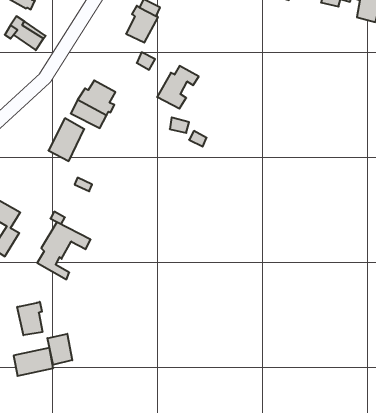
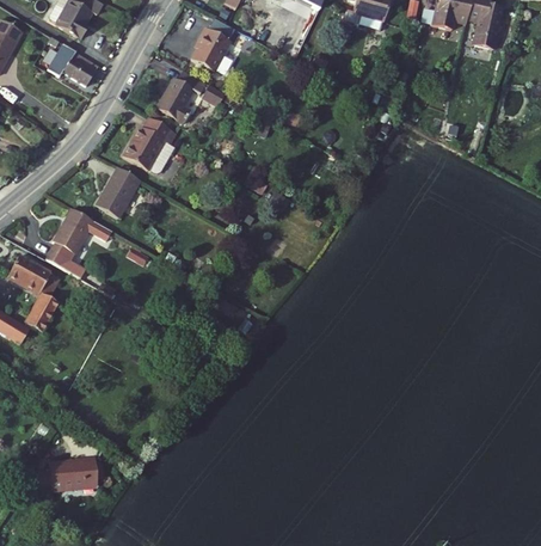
building: [157,66,199,109] -> [156,72,208,124]
building: [37,222,91,279] -> [44,210,110,281]
building: [17,302,42,335] -> none
building: [47,334,72,365] -> none

